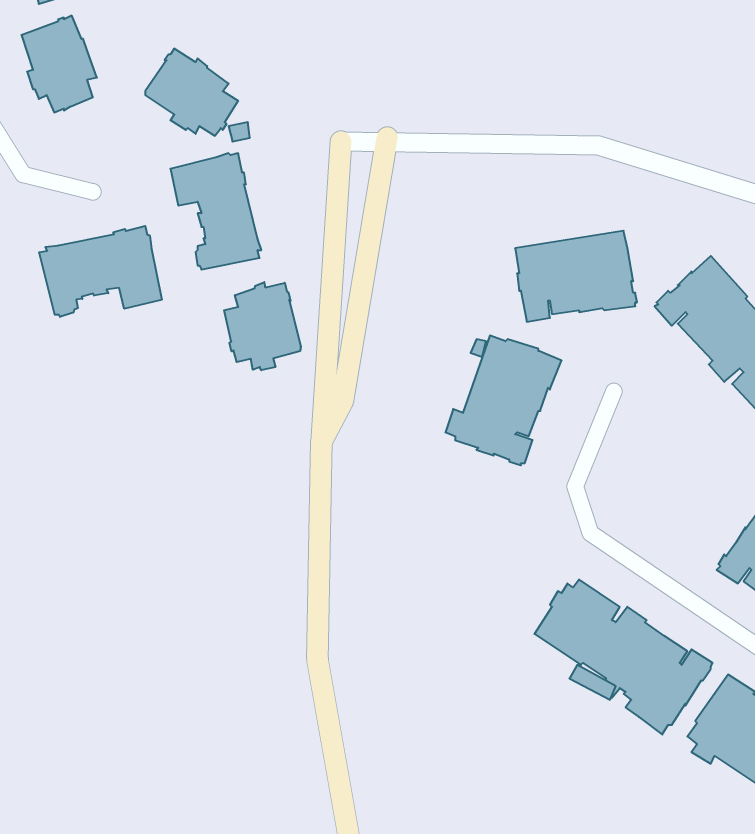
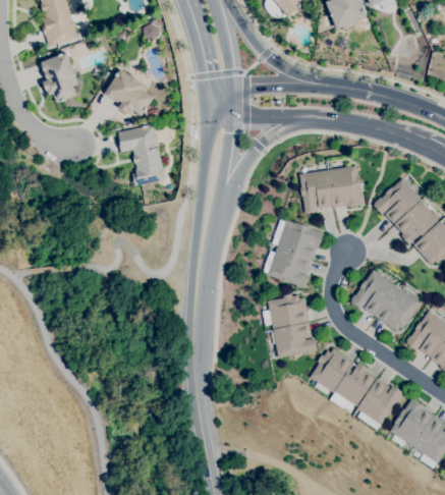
building: [39,226,162,317] -> none
building: [224,282,301,370] -> none
building: none -> [350,270,421,331]
building: none -> [263,293,317,358]

